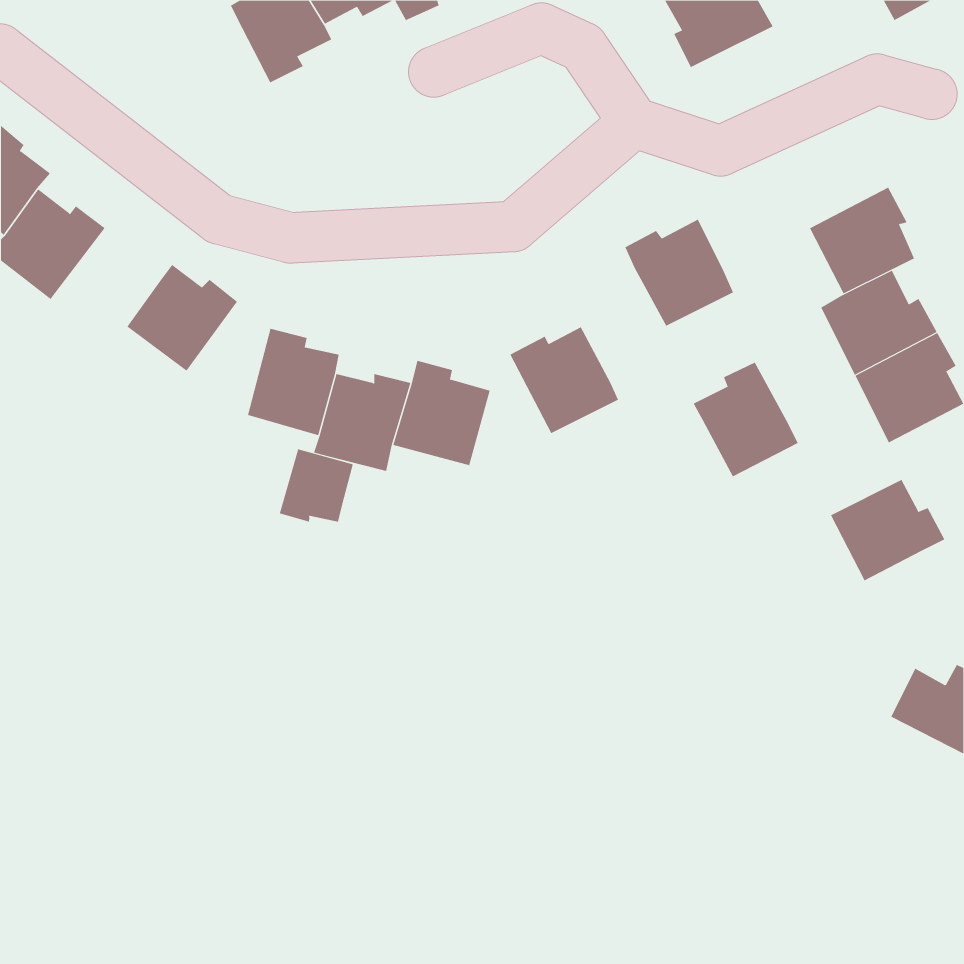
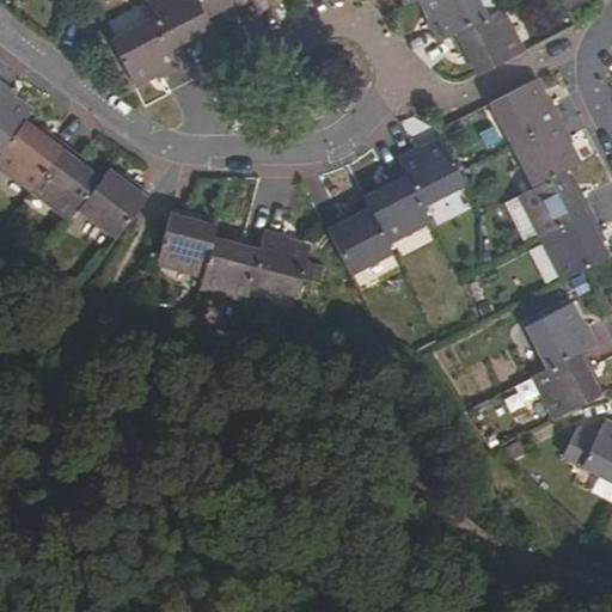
building: none -> [452,10,526,74]
building: none -> [110,18,179,86]
building: none -> [490,79,563,145]
building: none -> [32,145,102,220]
building: [693,362,799,477] -> [362,170,429,243]
building: [279,449,354,523] -> none
building: none -> [533,349,601,418]

